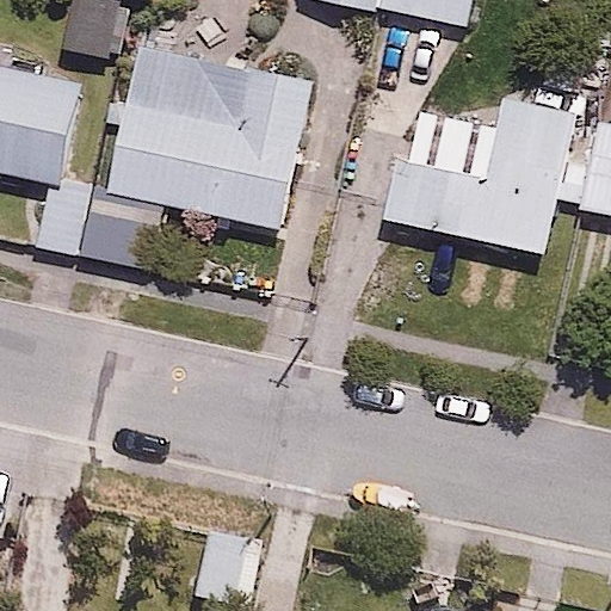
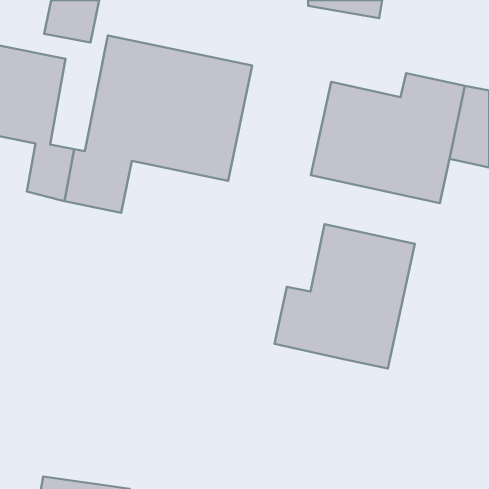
building: none -> [274,224,415,369]

